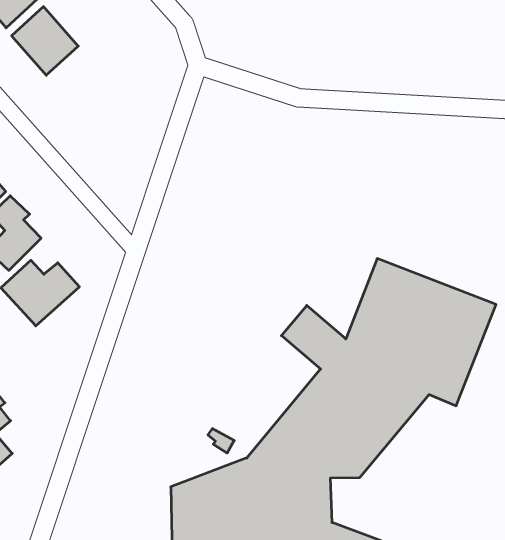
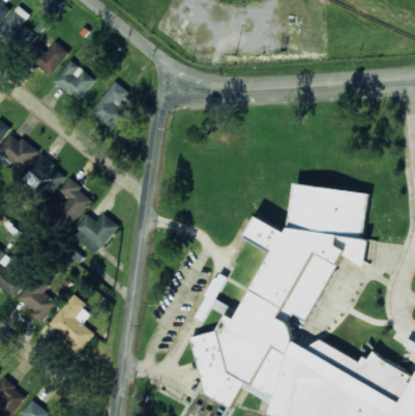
building: none -> [89,82,127,129]

